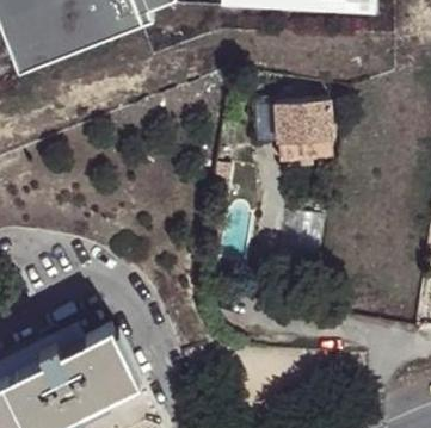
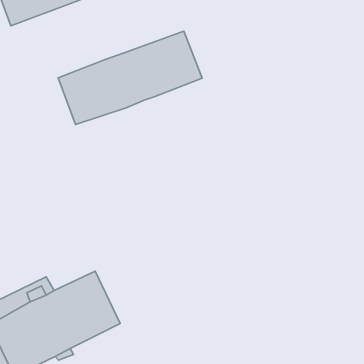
building: none -> [58,31,202,124]
building: [275,100,331,163] -> none

